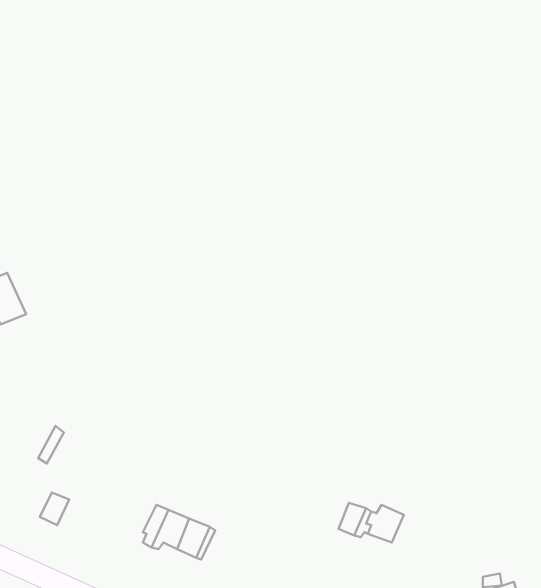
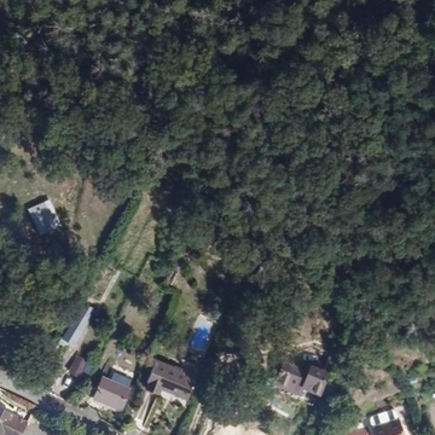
building: none -> [94,373,128,405]

